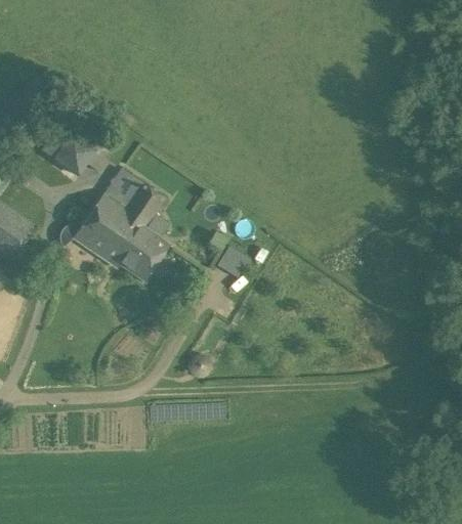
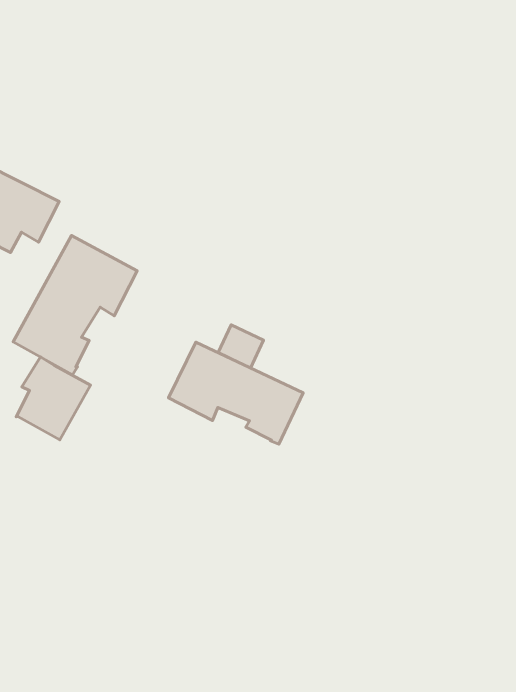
building: [116,222,170,281] -> [16,357,91,440]
building: none -> [168,342,303,444]

